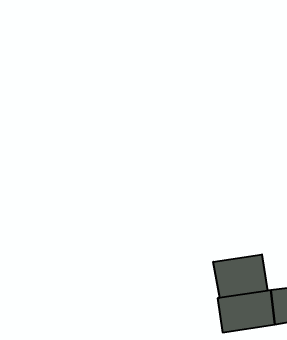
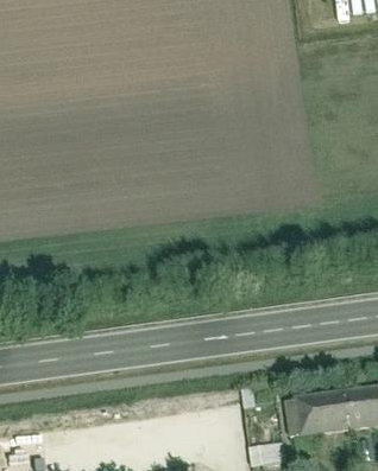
building: [213,254,267,298] -> none

